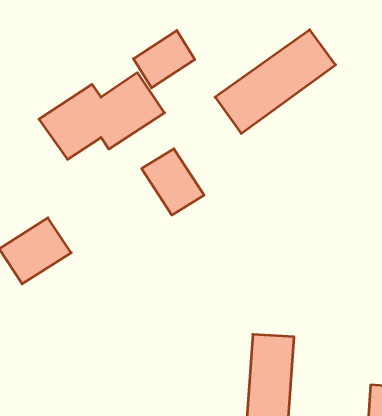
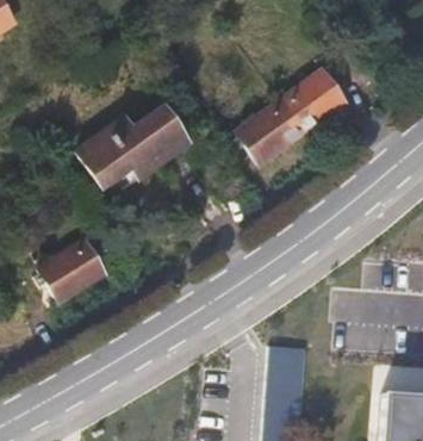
building: [133,30,195,88] -> none
building: [142,149,204,215] -> none

